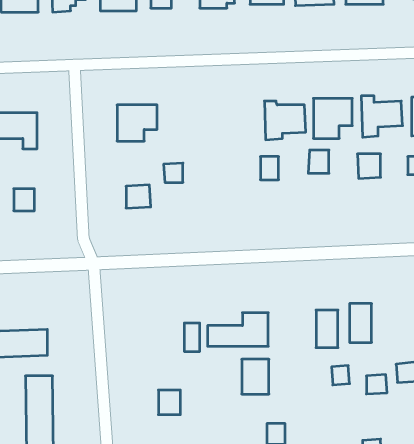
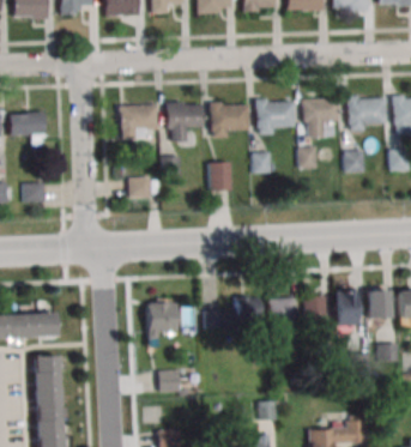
building: none -> [168,102,204,140]
building: none -> [211,102,250,135]
building: none -> [210,162,231,191]
building: none -> [369,289,389,319]
building: none -> [149,301,179,337]
building: [242,359,269,394] -> [271,298,296,331]

